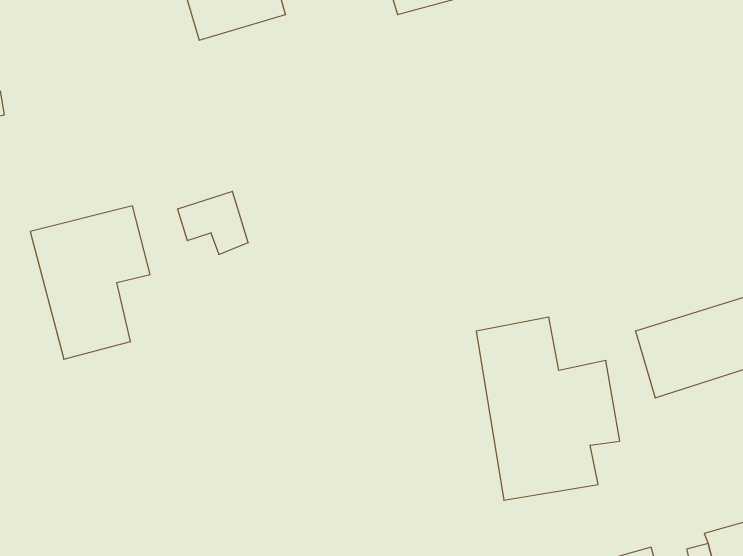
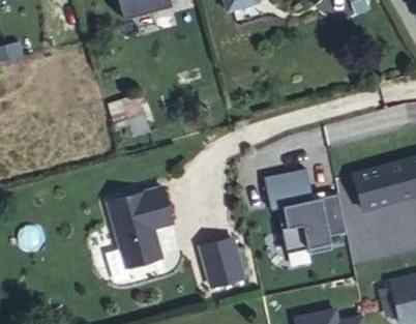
building: [30,206,150,359] -> [108,183,171,264]
building: none -> [202,236,242,282]

